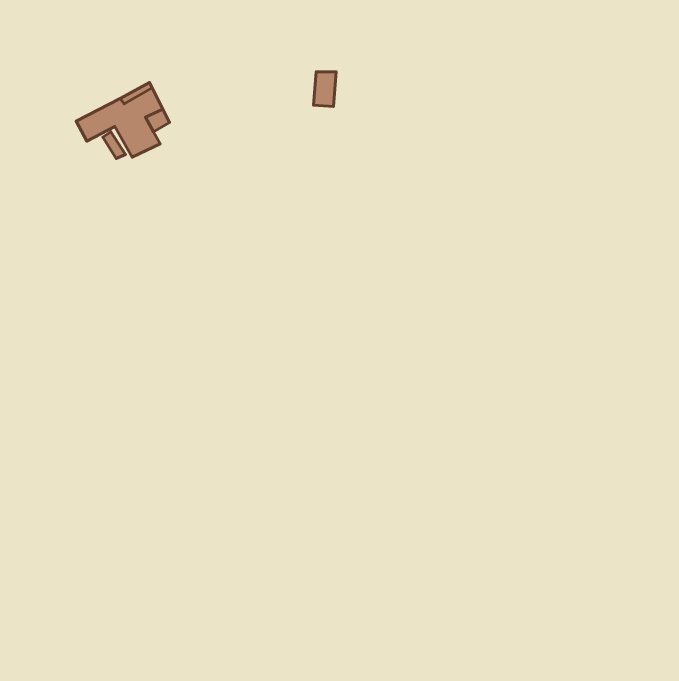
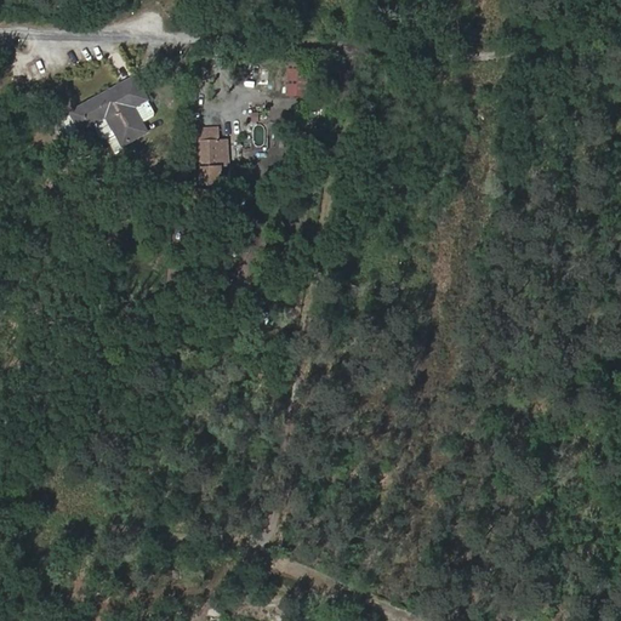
building: none -> [195,126,228,177]

